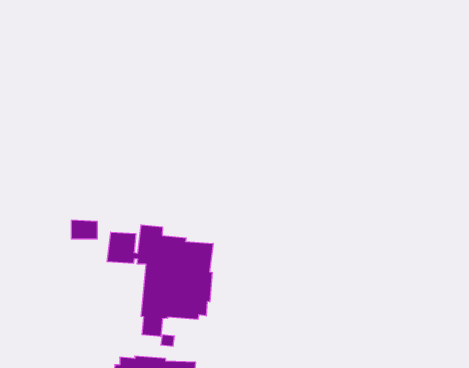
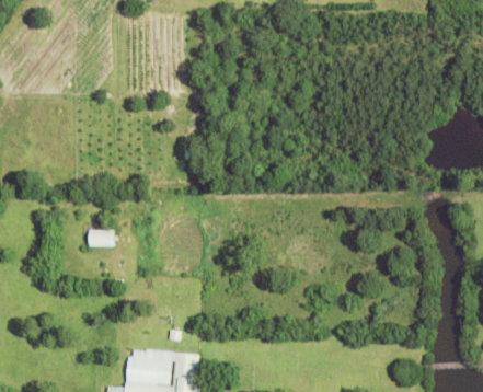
building: [107,225,213,337] -> none

